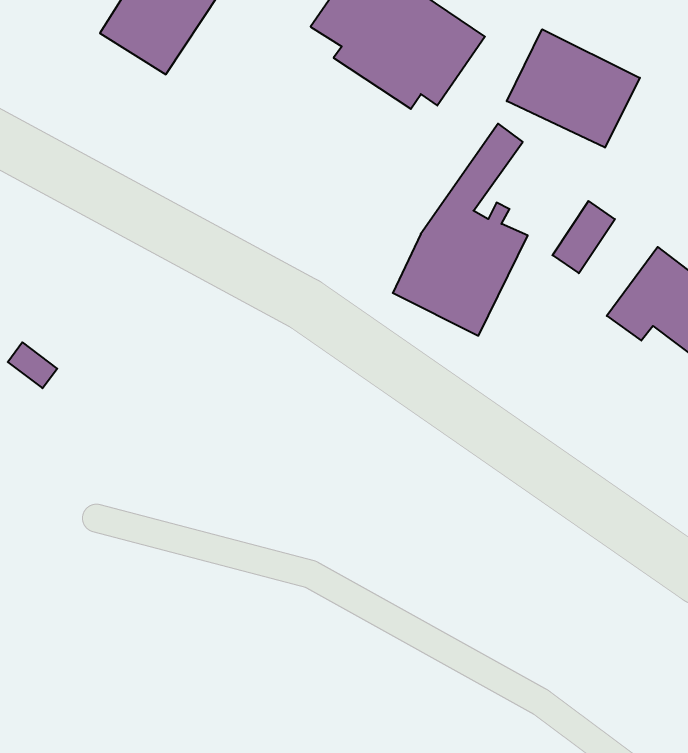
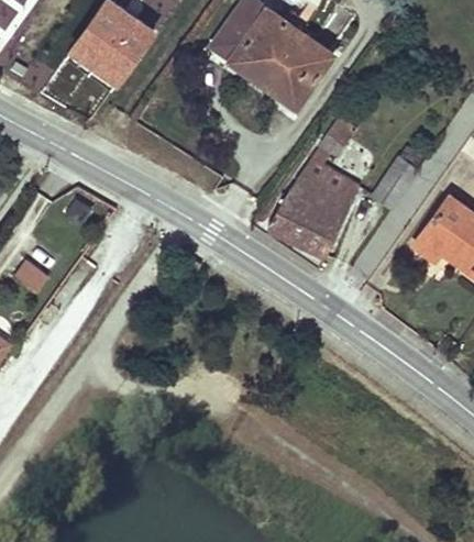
building: [507,29,640,148] -> none

